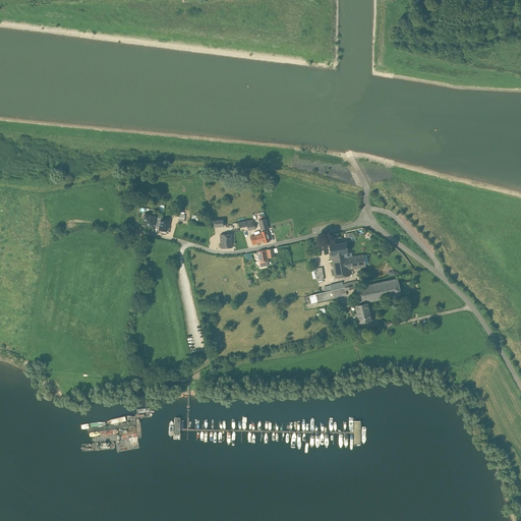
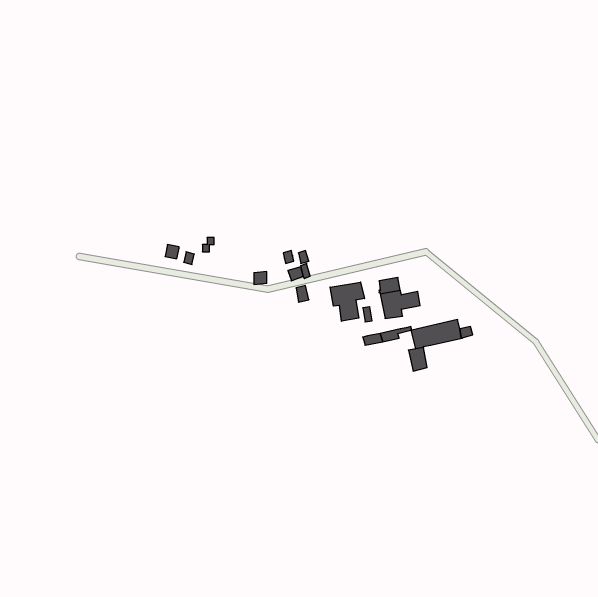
building: none -> [330,282,364,321]

